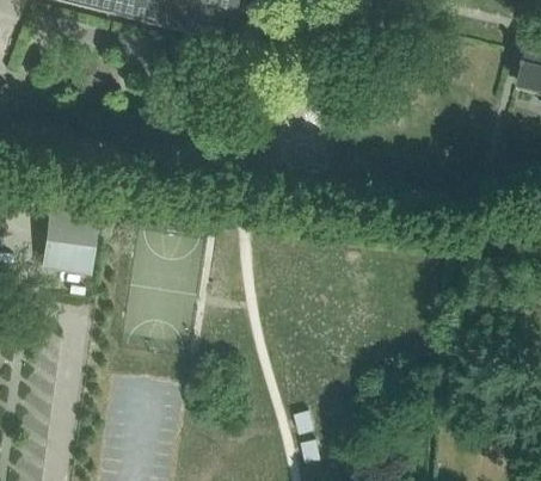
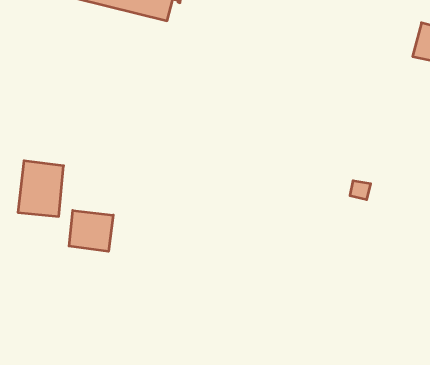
building: none -> [69,210,113,251]

